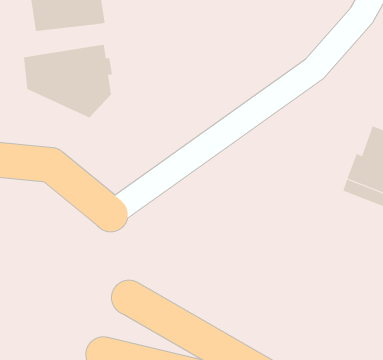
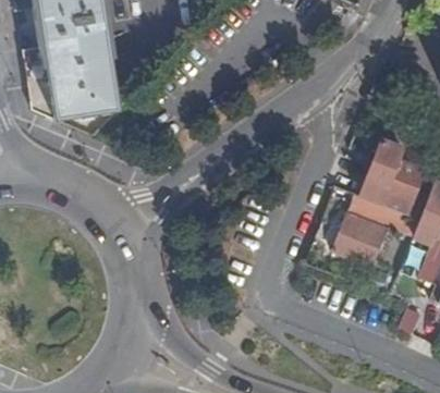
building: none -> [25,34,111,67]
building: none -> [337,211,389,263]

